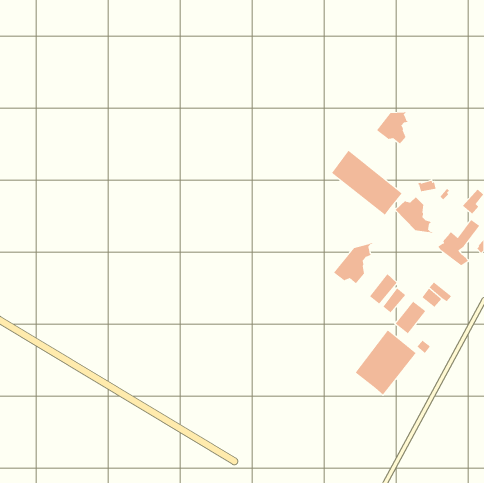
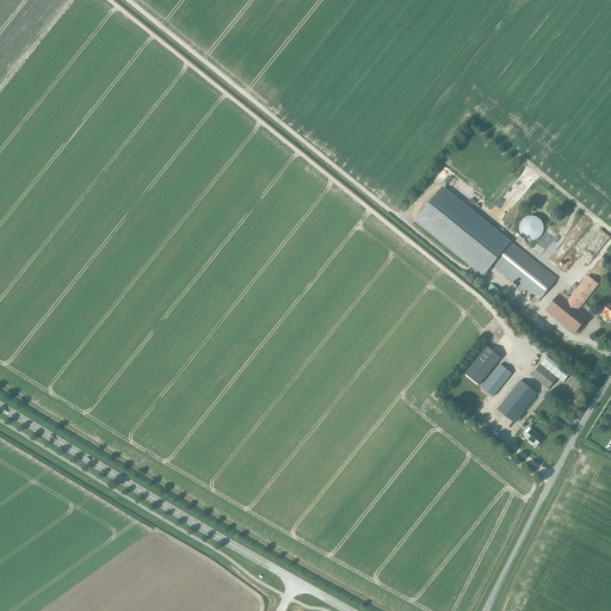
building: [376,111,409,144] -> none
building: [333,242,374,284] -> none
building: [355,330,416,395] -> none

